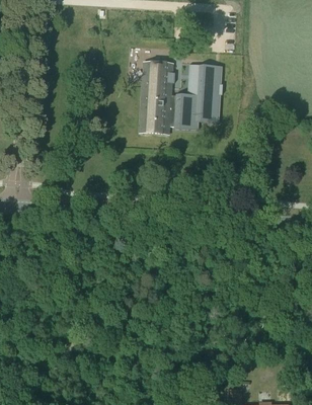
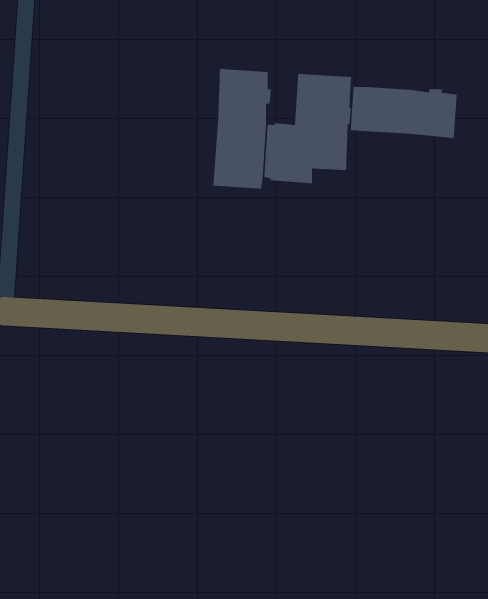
building: none -> [350,86,457,139]

